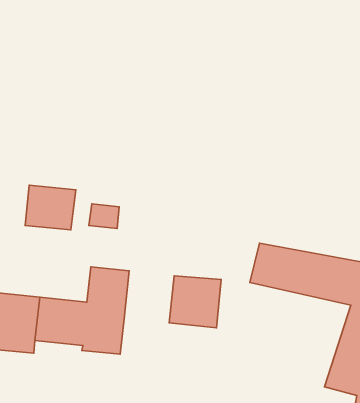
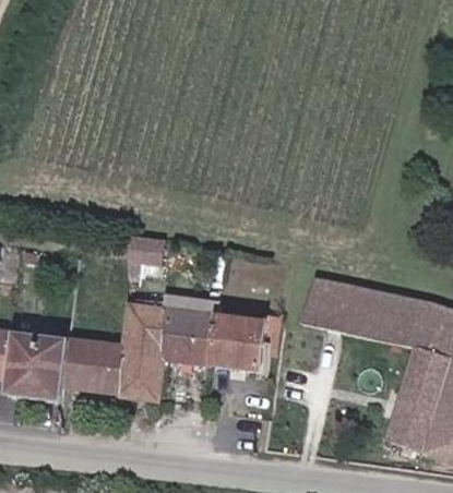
building: [25,185,76,230] -> none
building: none -> [165,309,220,366]

